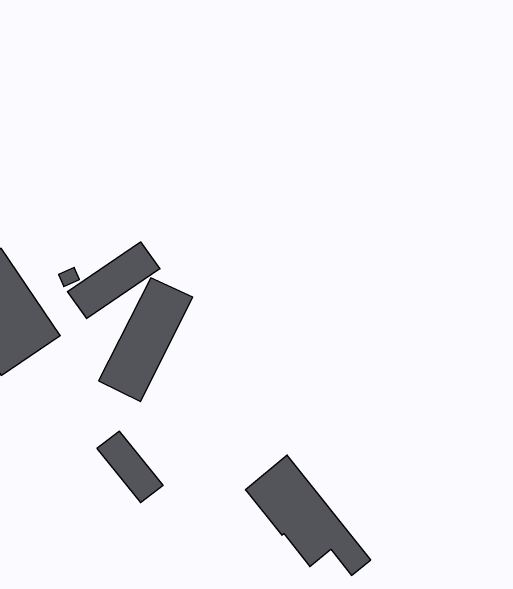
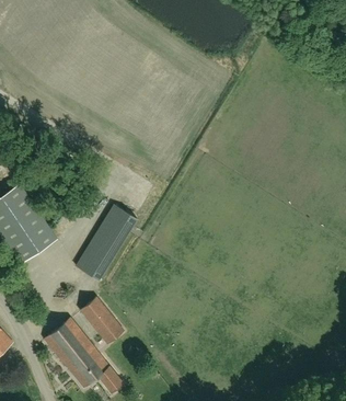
building: [67,242,160,319] -> none
building: [245,455,371,575] -> [43,317,122,392]

